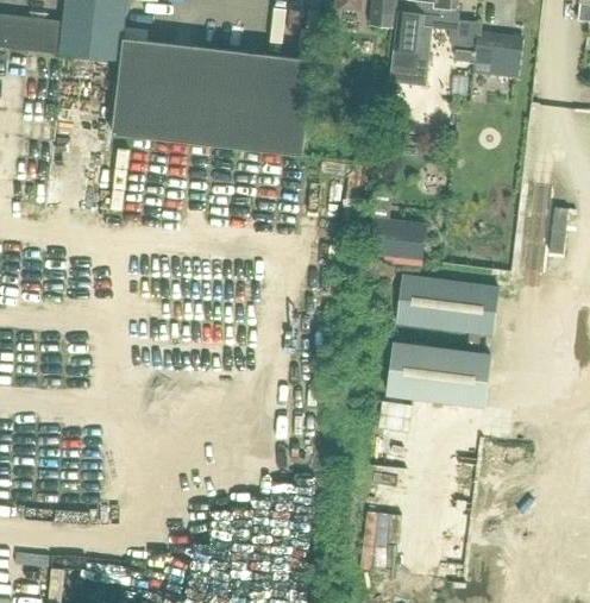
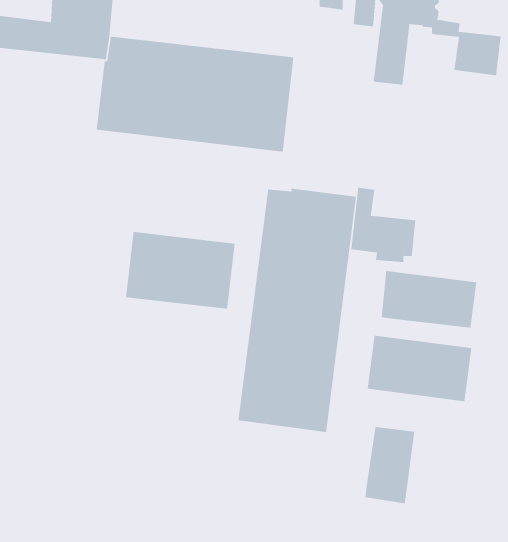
building: none -> [238,188,356,433]
building: none -> [125,231,235,310]
building: none -> [365,426,415,504]

